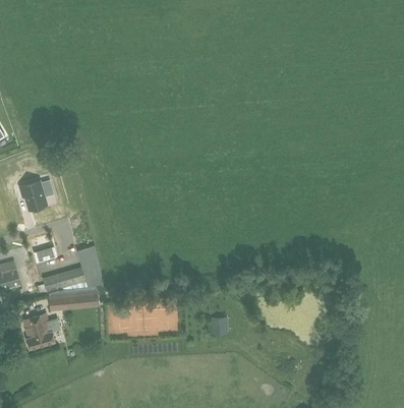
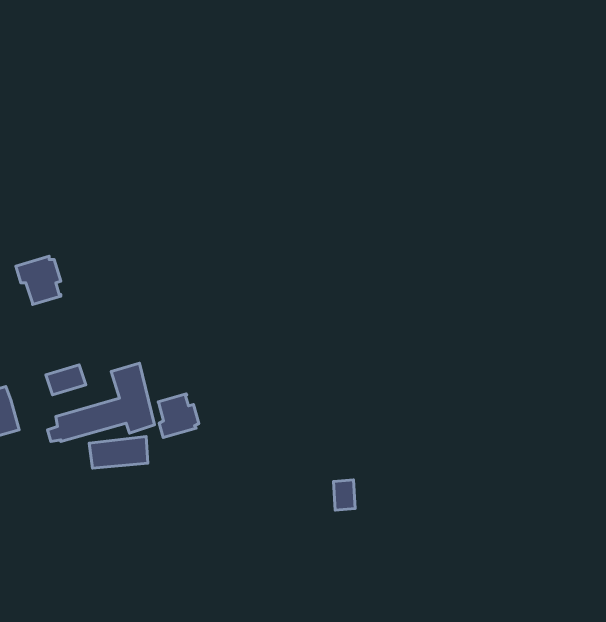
building: none -> [158,394,199,438]
building: [22,312,54,348] -> none

